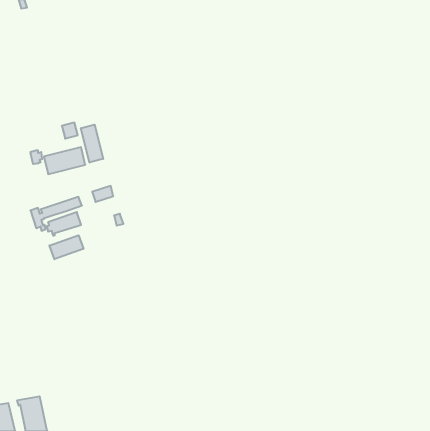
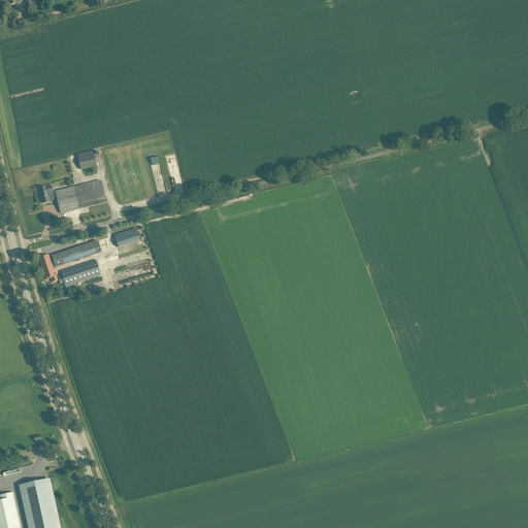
building: [81,125,103,163] -> none
building: [49,235,83,259] -> none

